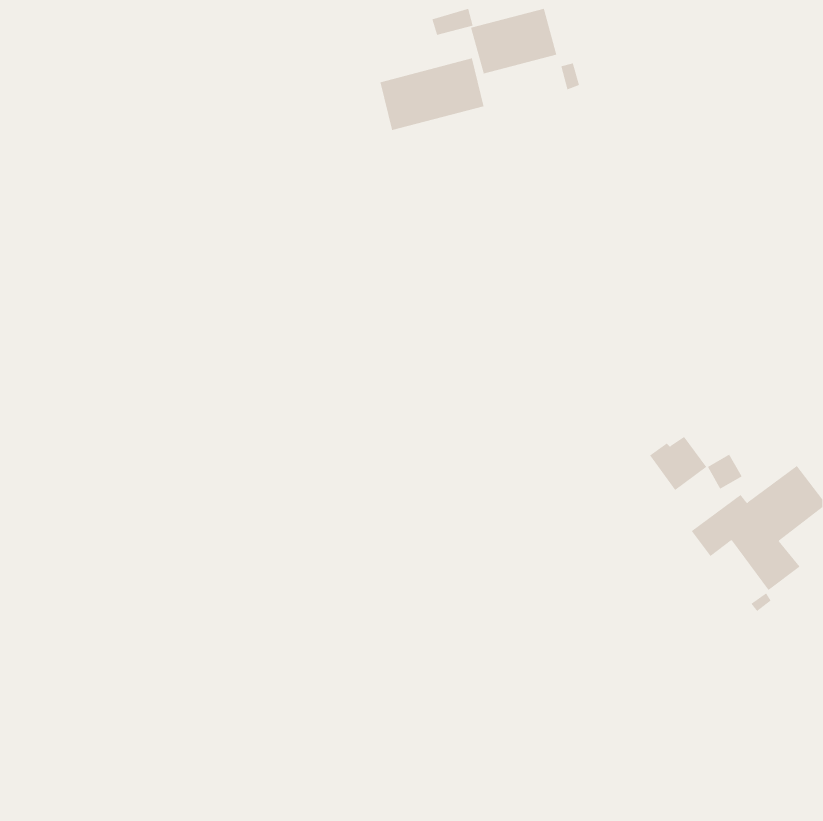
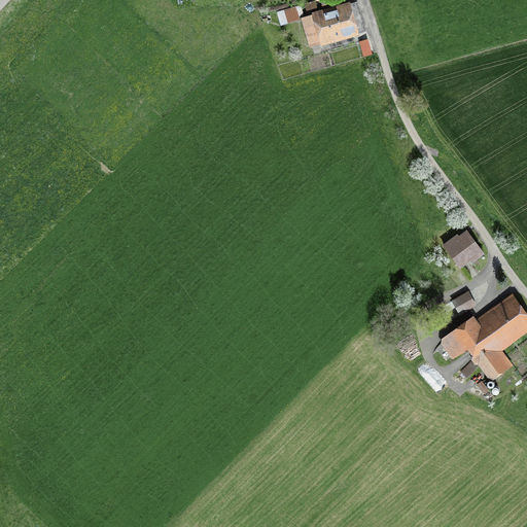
building: [380,58,484,131] -> none
building: [649,436,707,491] -> [444,231,481,266]

